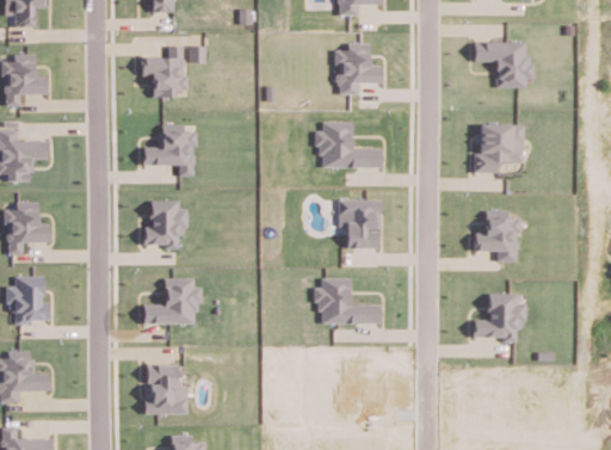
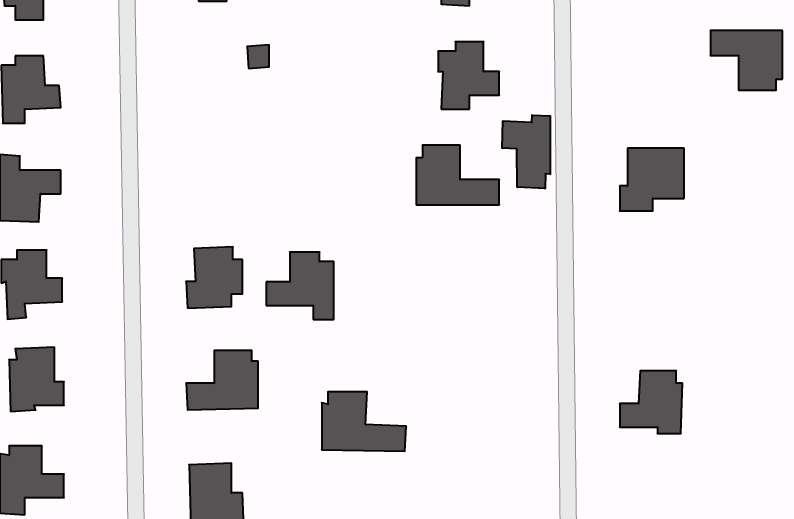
building: [474,42,529,87] -> [710,31,782,90]
building: [142,45,189,97] -> none
building: none -> [502,115,550,189]
building: [143,124,195,175] -> [266,252,334,319]
building: [339,199,381,248] -> none
building: [475,210,518,261] -> none
building: [317,278,382,323] -> [322,392,406,451]

